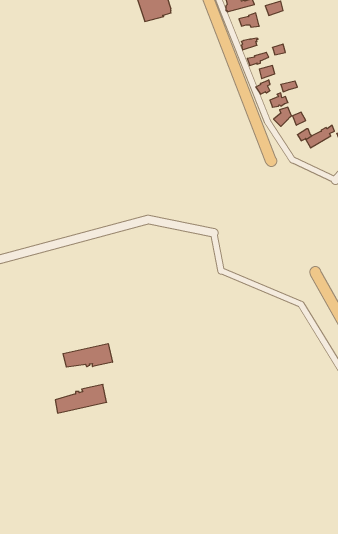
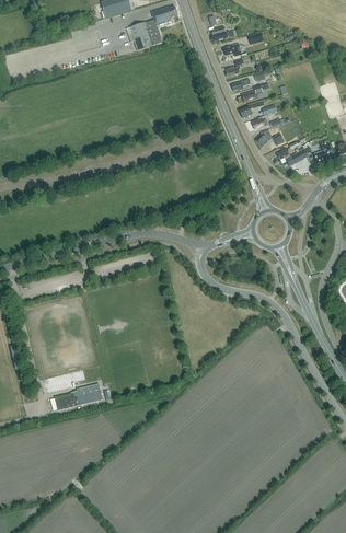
building: [63,344,112,367] -> none

